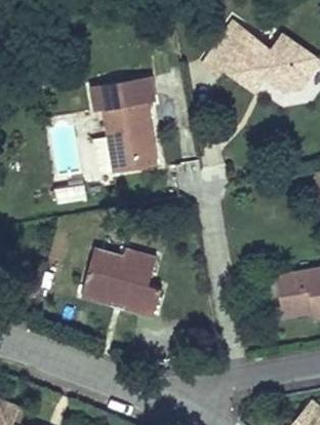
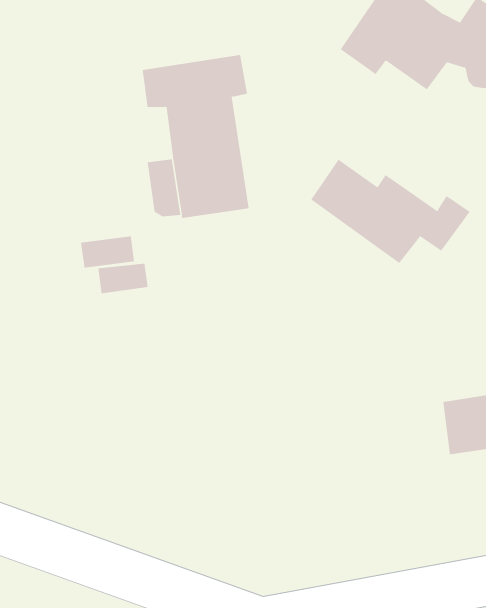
building: none -> [310,159,471,264]
building: [73,240,162,312] -> none

